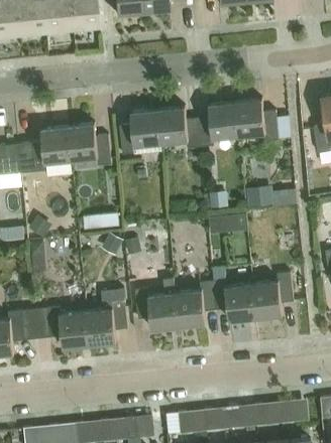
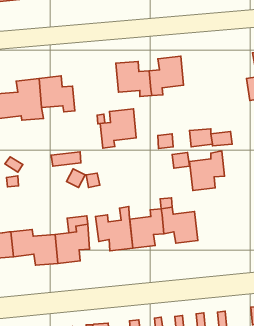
building: [236,99,280,140] -> none
building: [120,109,162,155] -> [100,109,136,148]
building: [252,272,294,318] -> [189,151,224,191]

